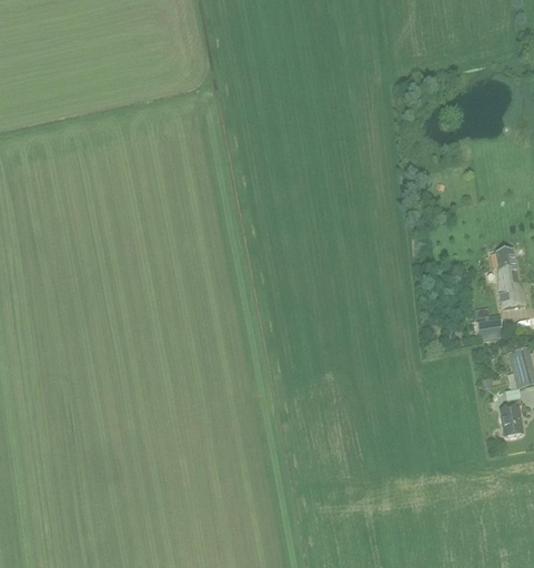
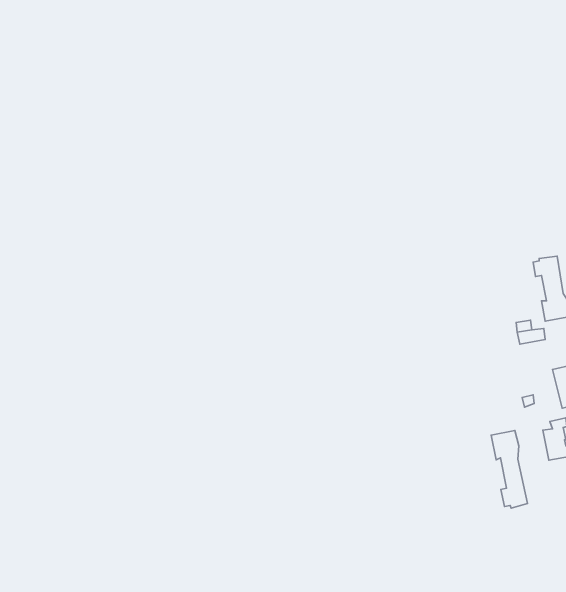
building: none -> [491,430,527,508]

